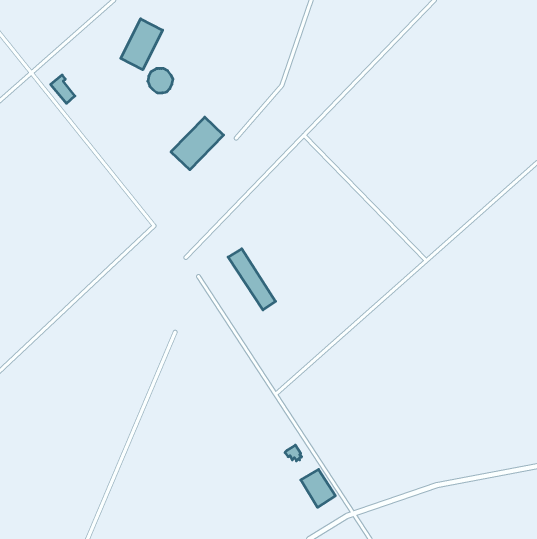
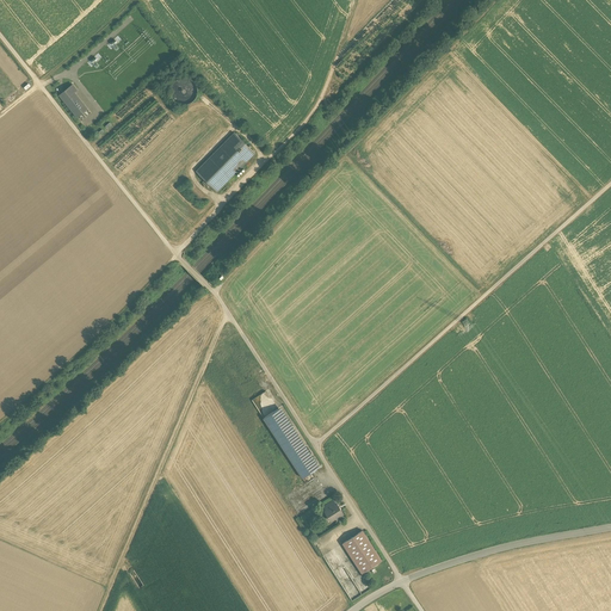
building: [121,19,163,70] -> none
building: [228,249,276,310] -> [264,407,317,476]

